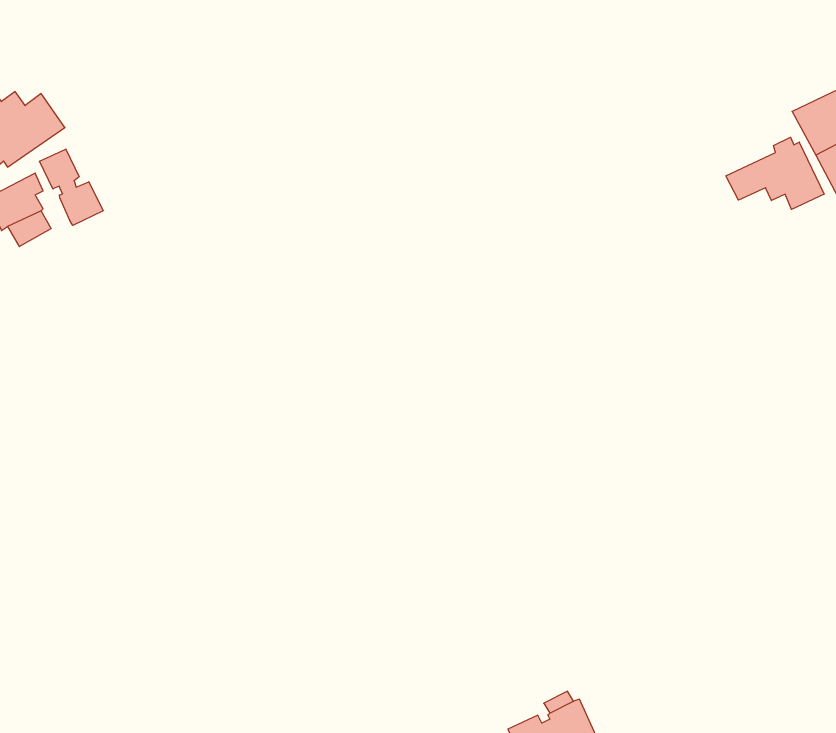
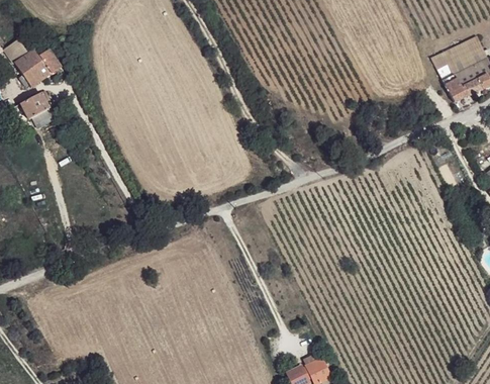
building: [726,137,824,209] -> none
building: [40,149,103,225] -> none

